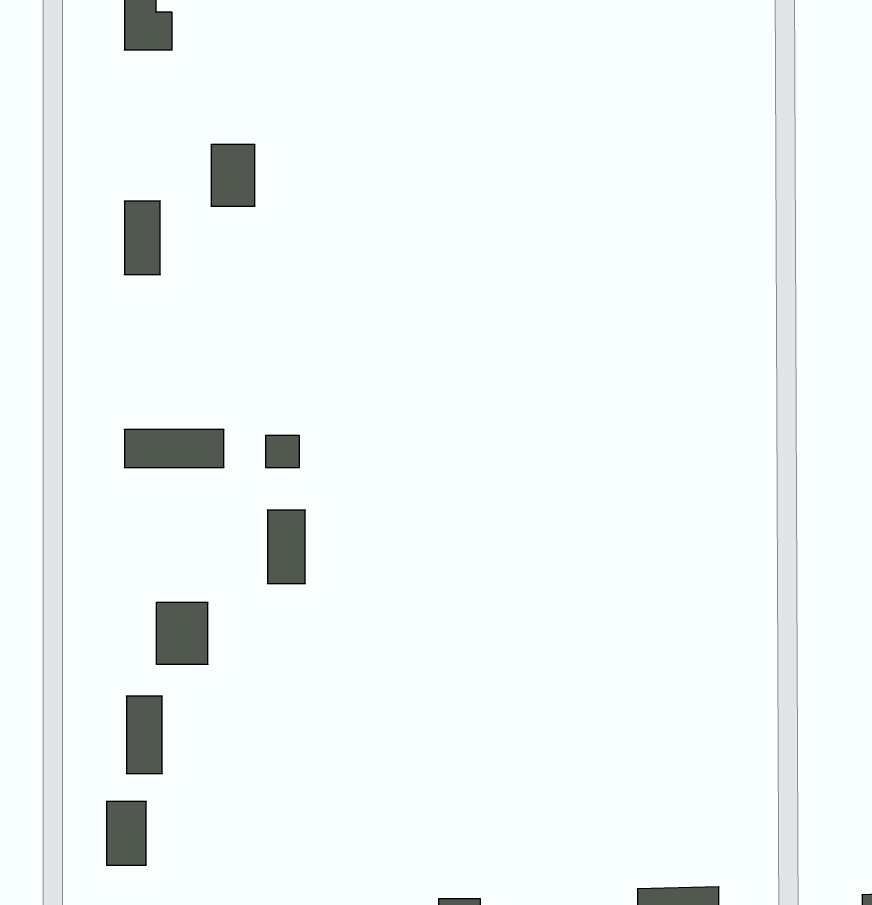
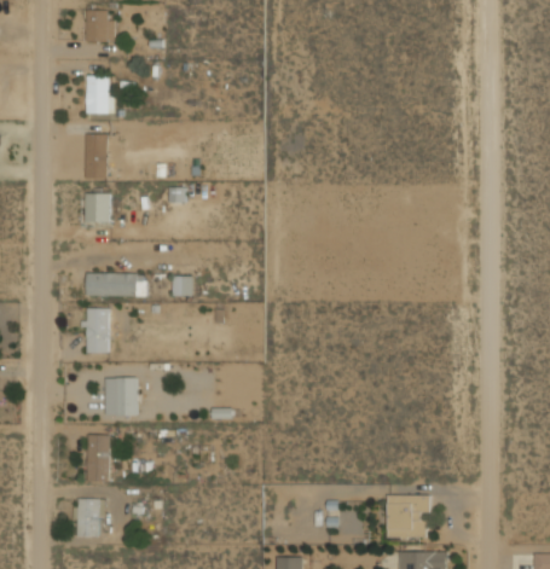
building: [211,145,255,206] -> [86,77,112,115]
building: none -> [86,193,110,223]
building: [267,510,305,584] -> [85,308,108,353]
building: none -> [387,495,429,539]

